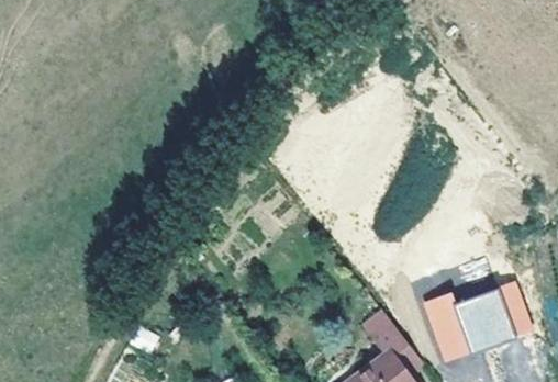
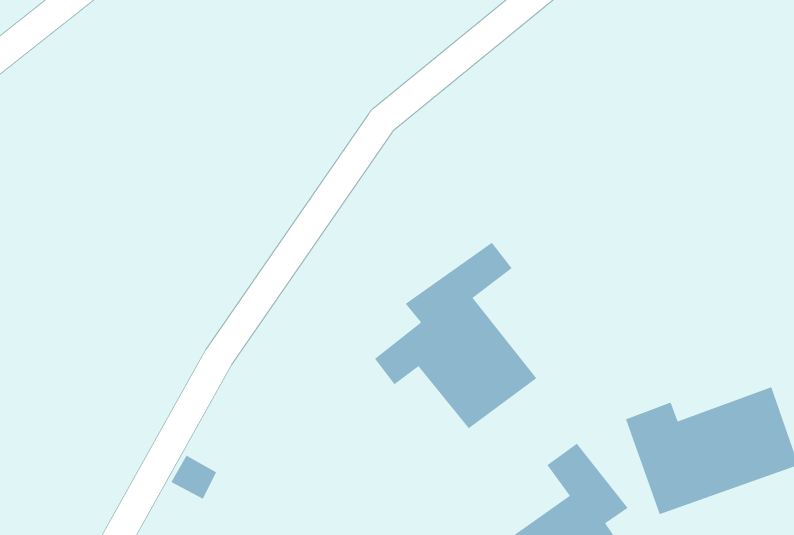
building: none -> [374,242,537,429]

